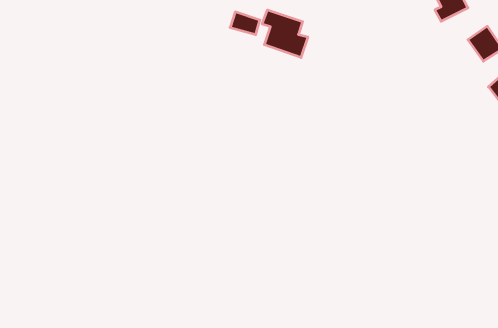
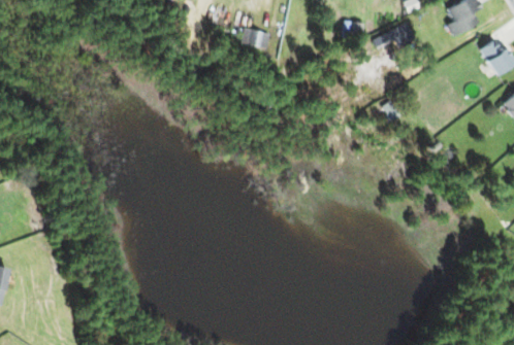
building: [262,10,308,58] -> none

